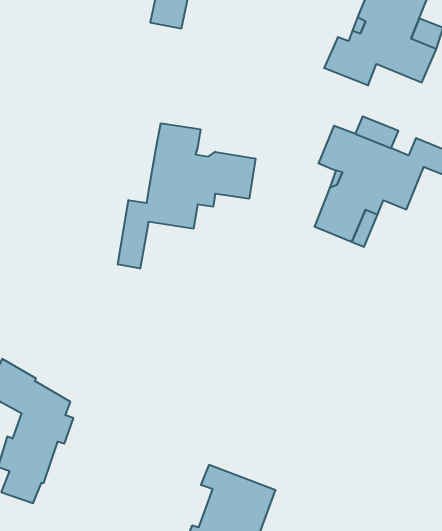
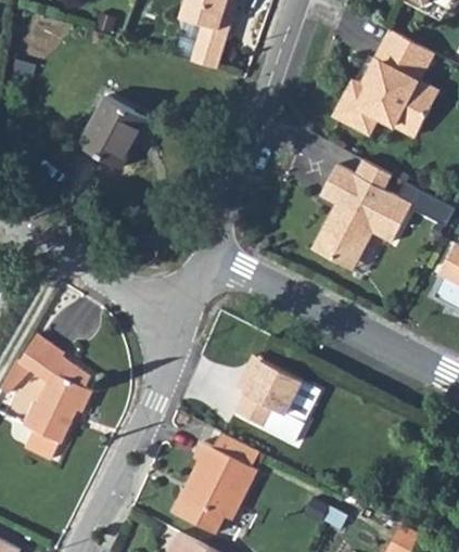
building: none -> [80,95,148,166]
building: [118,123,256,269] -> none
building: none -> [234,359,307,445]

